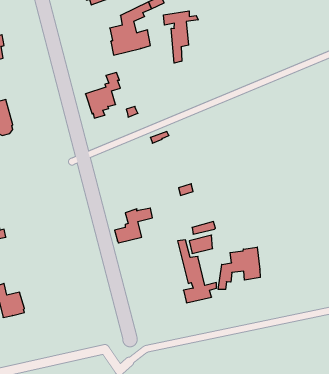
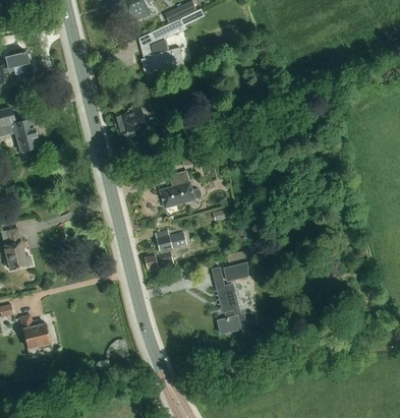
building: [164,11,198,63] -> none
building: none -> [160,170,202,206]
building: [218,247,260,289] -> none

